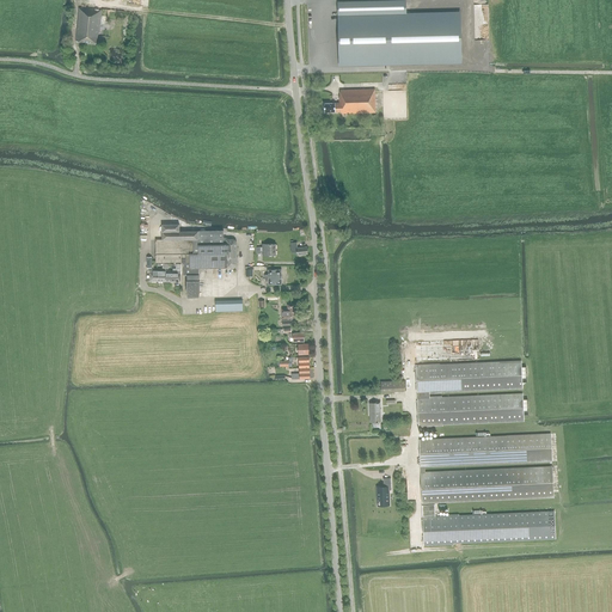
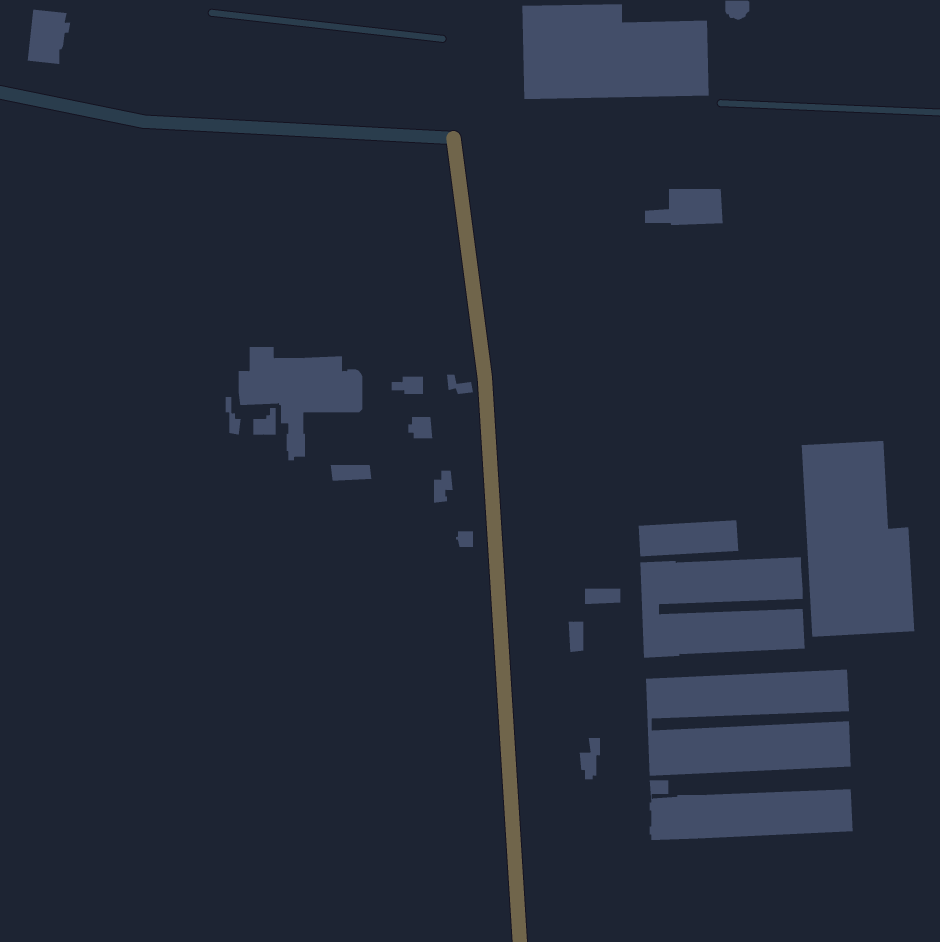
building: [74,8,103,44] -> [27,9,71,65]
building: [323,90,374,114] -> [644,189,723,225]
building: none -> [801,440,915,637]

